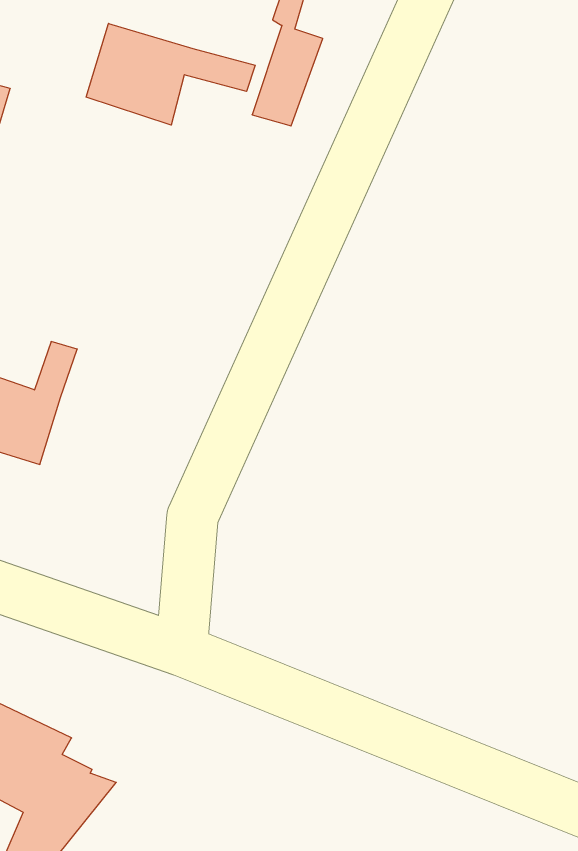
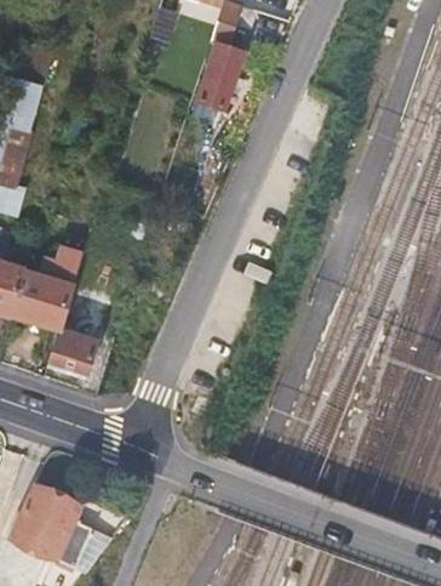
building: [86,23,255,125] -> none
building: none -> [50,331,98,374]

